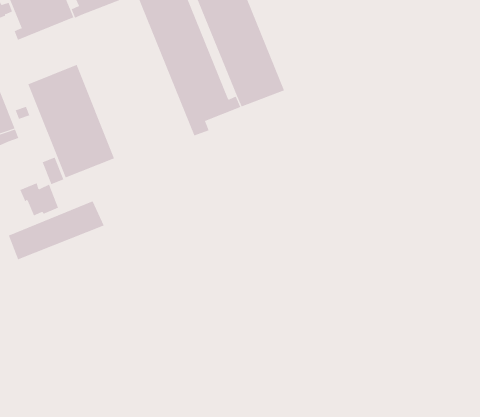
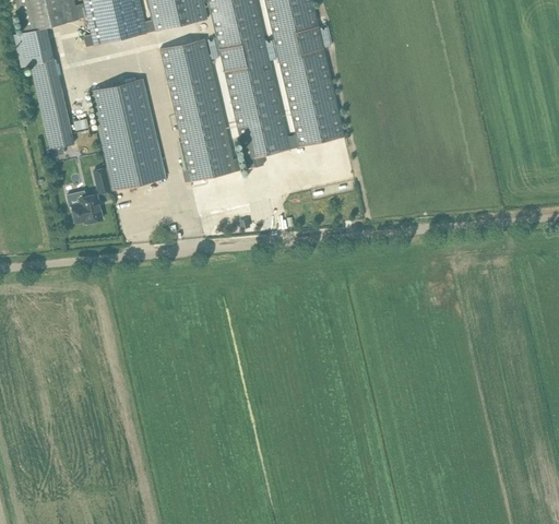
building: none -> [163,37,240,181]
building: [8,200,105,260] -> none

